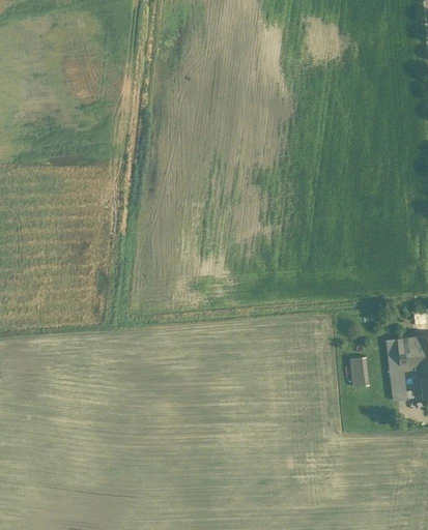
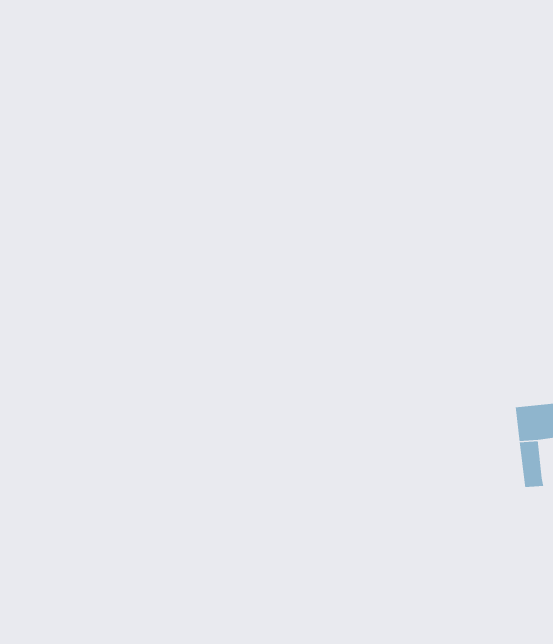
building: [349,358,368,386] -> none

